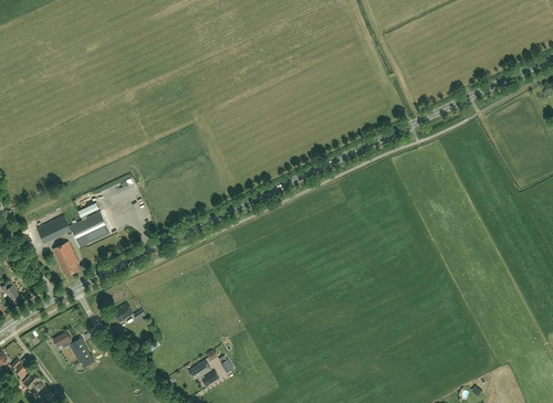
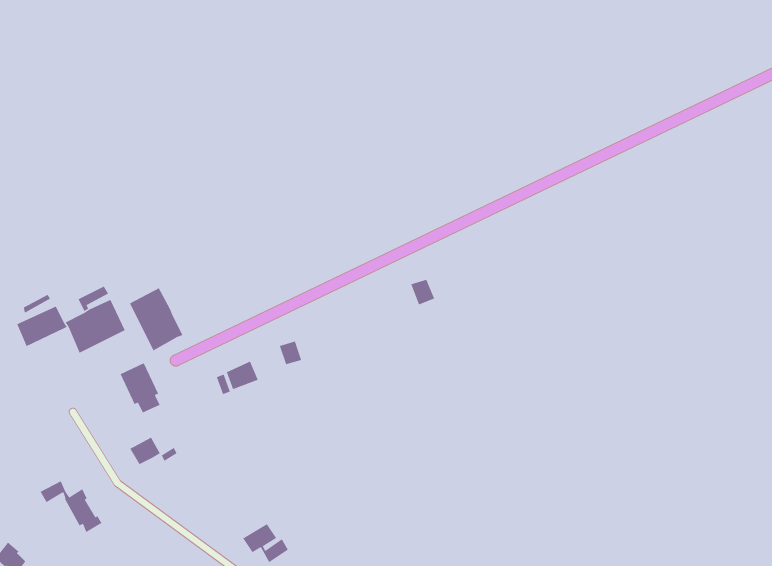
building: none -> [129,287,183,352]
building: [52,241,80,275] -> [119,362,161,414]

